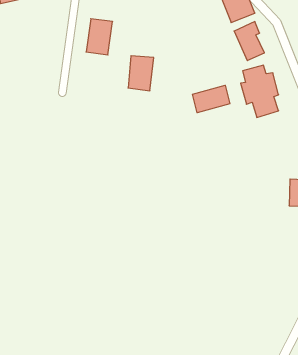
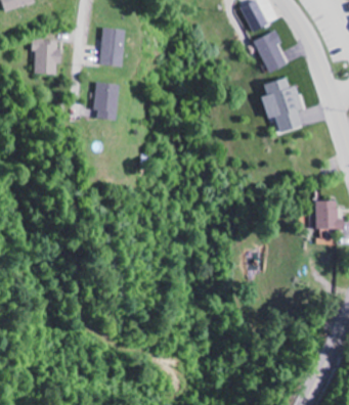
building: none -> [32,39,60,74]
building: [128,56,154,91] -> [91,82,119,120]
building: [192,85,230,113] -> none

